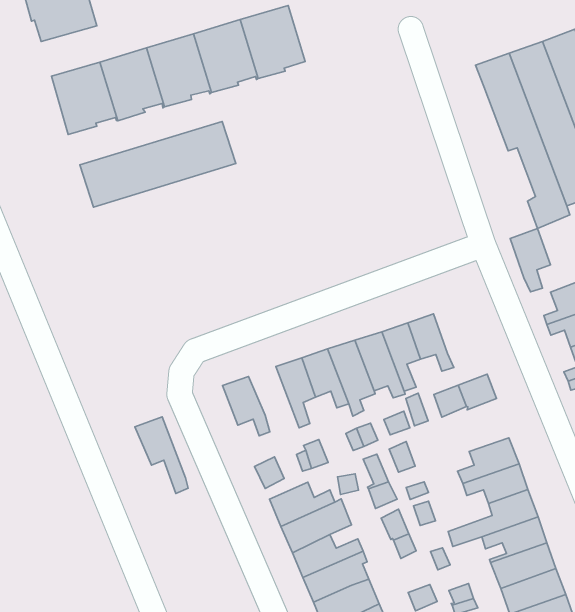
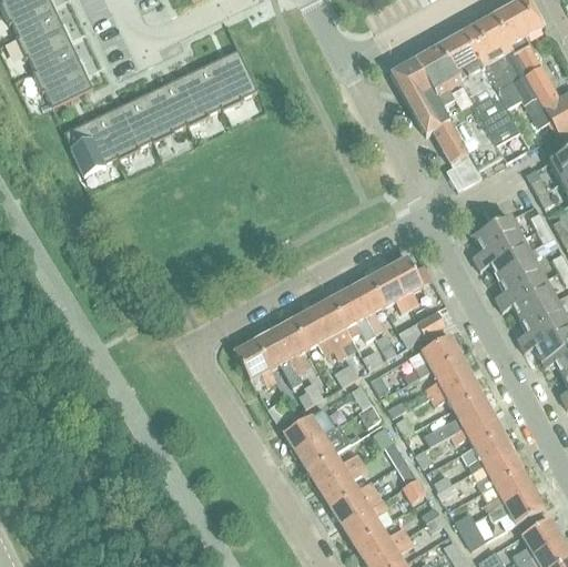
building: [80,121,236,207] -> none
building: [510,228,550,292] -> [388,257,423,307]
building: none -> [415,335,462,377]
building: [135,417,188,494] -> [253,328,302,386]

